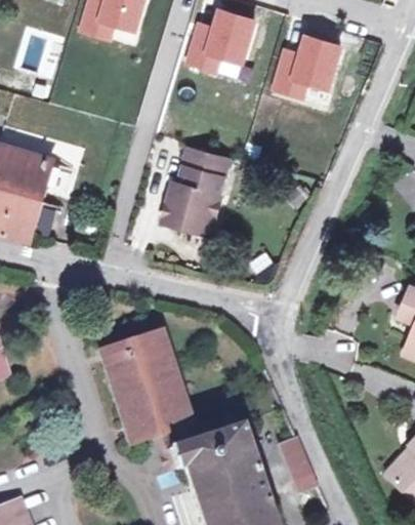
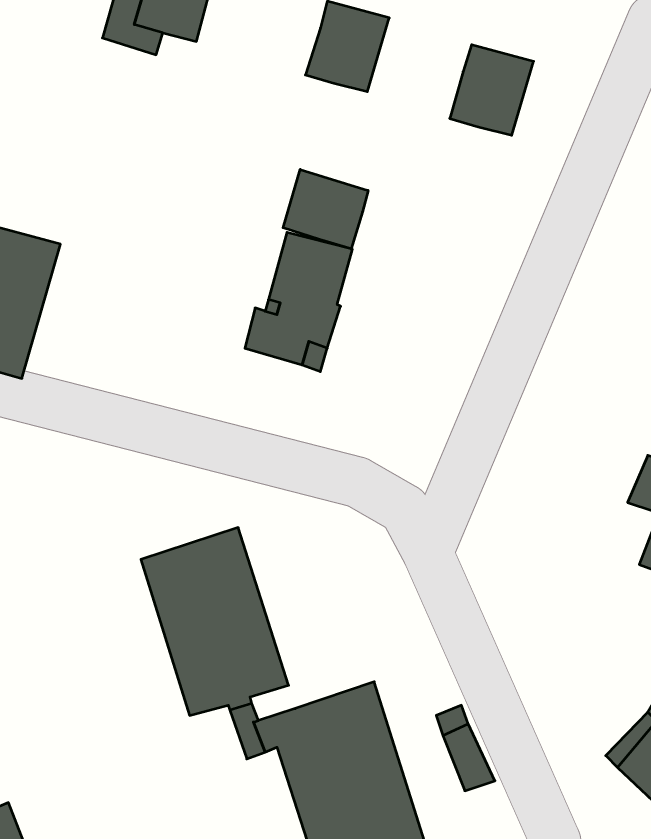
building: [182,19,219,72] -> none
building: [271,47,307,98] -> none
building: none -> [283,169,368,249]

